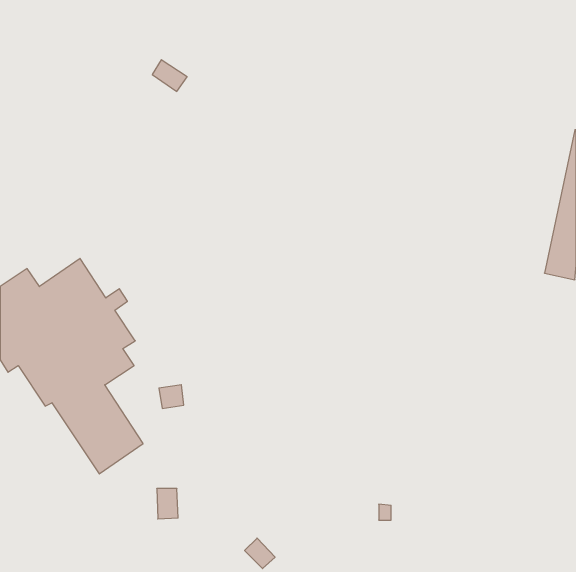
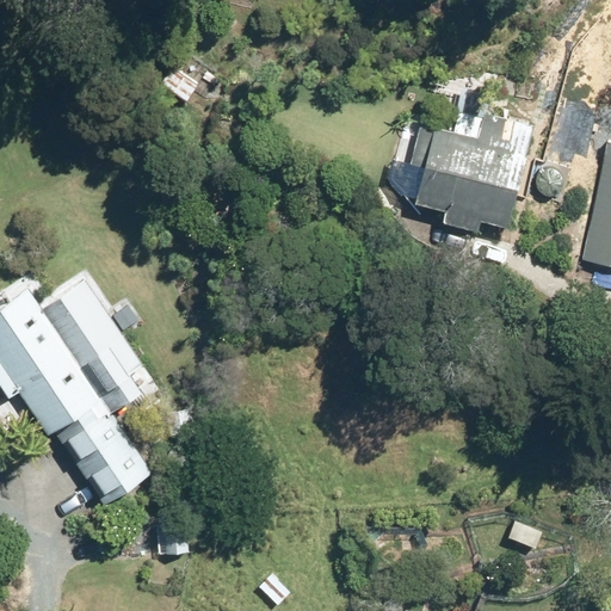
building: none -> [385,106,533,232]

